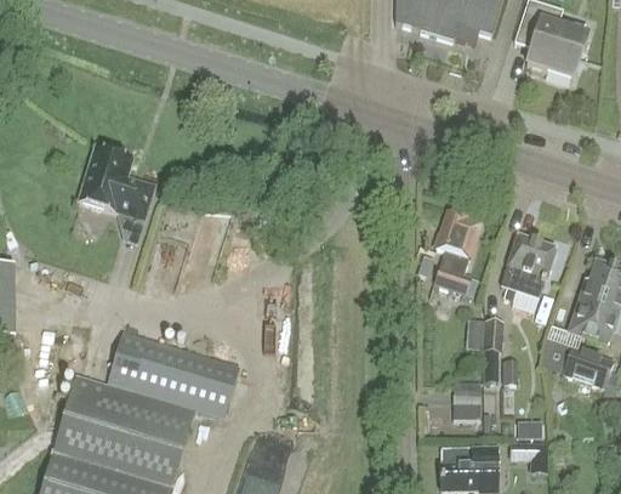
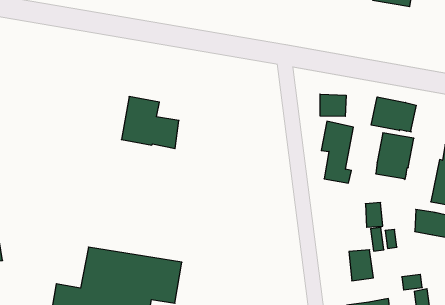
building: [79,147,155,221] -> [121,97,179,149]
building: none -> [320,94,346,116]
building: none -> [371,97,416,132]

